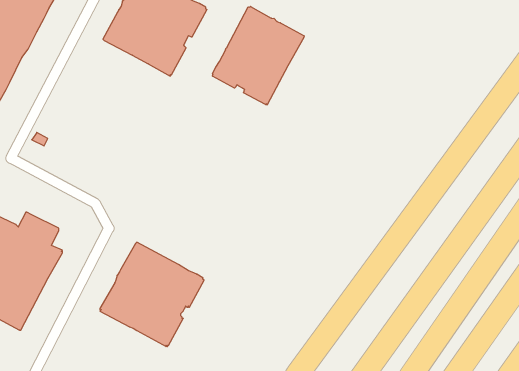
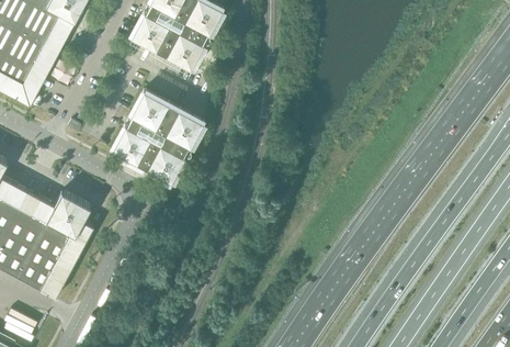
building: [213,6,304,105] -> none
building: [100,242,204,347] -> [111,90,204,183]

